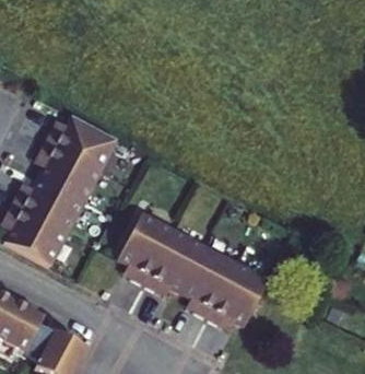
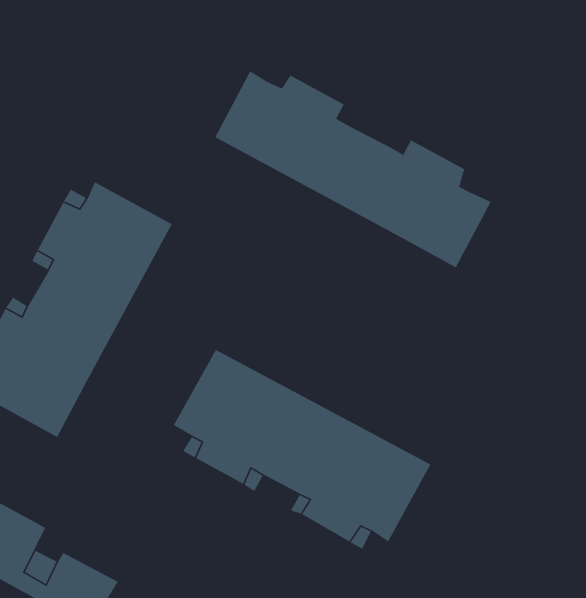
building: none -> [214,70,492,269]

